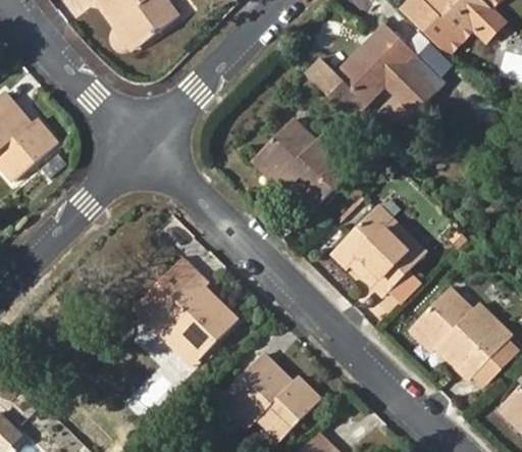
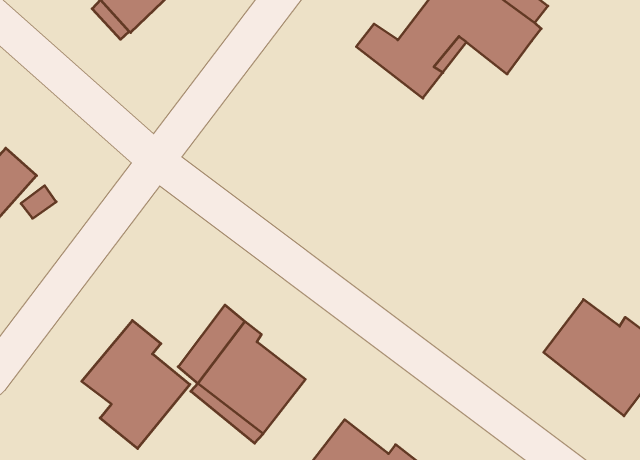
building: [259,119,354,208] -> none
building: [338,205,427,294] -> none
building: none -> [82,320,190,449]

